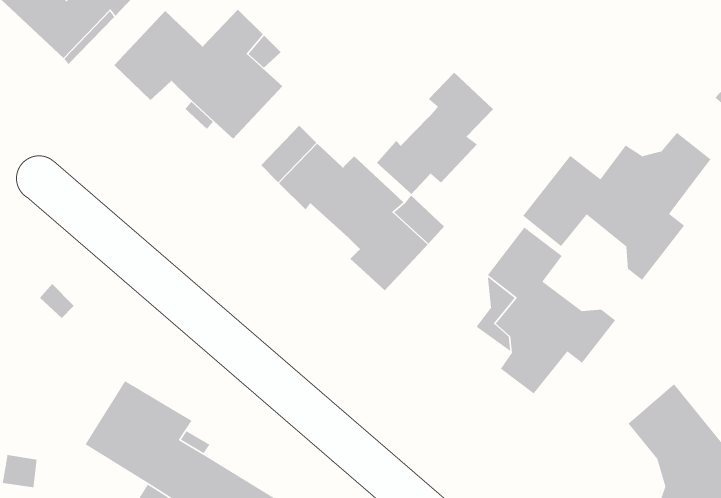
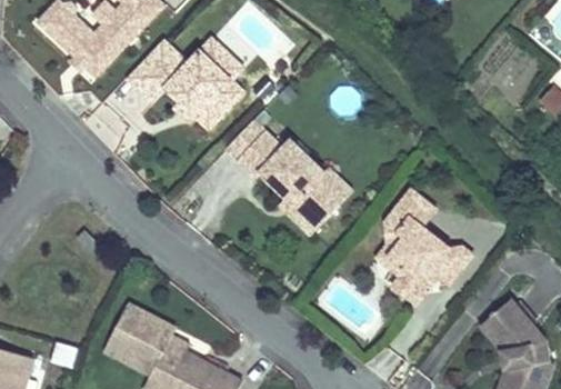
building: [376,72,494,195] -> none
building: [522,132,711,281] -> none

